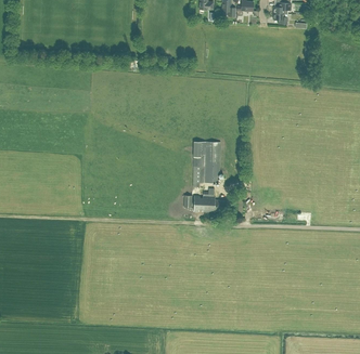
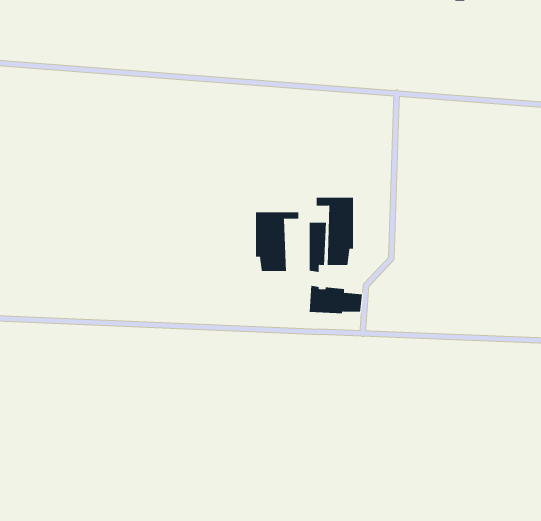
building: none -> [255,211,299,272]

